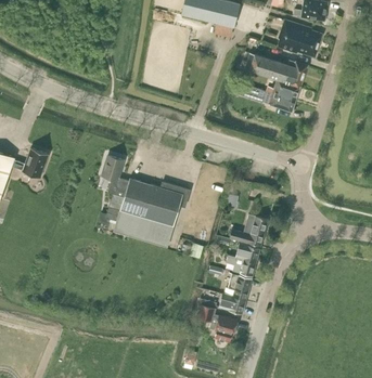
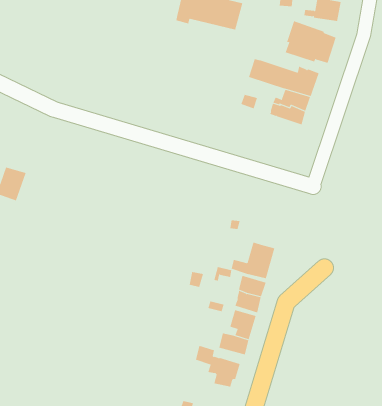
building: [102,156,189,248] -> none

